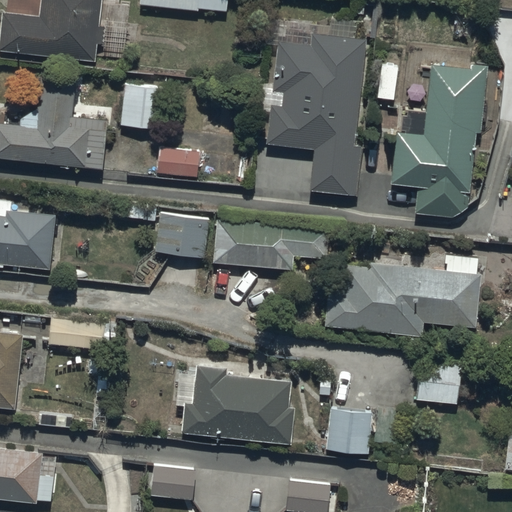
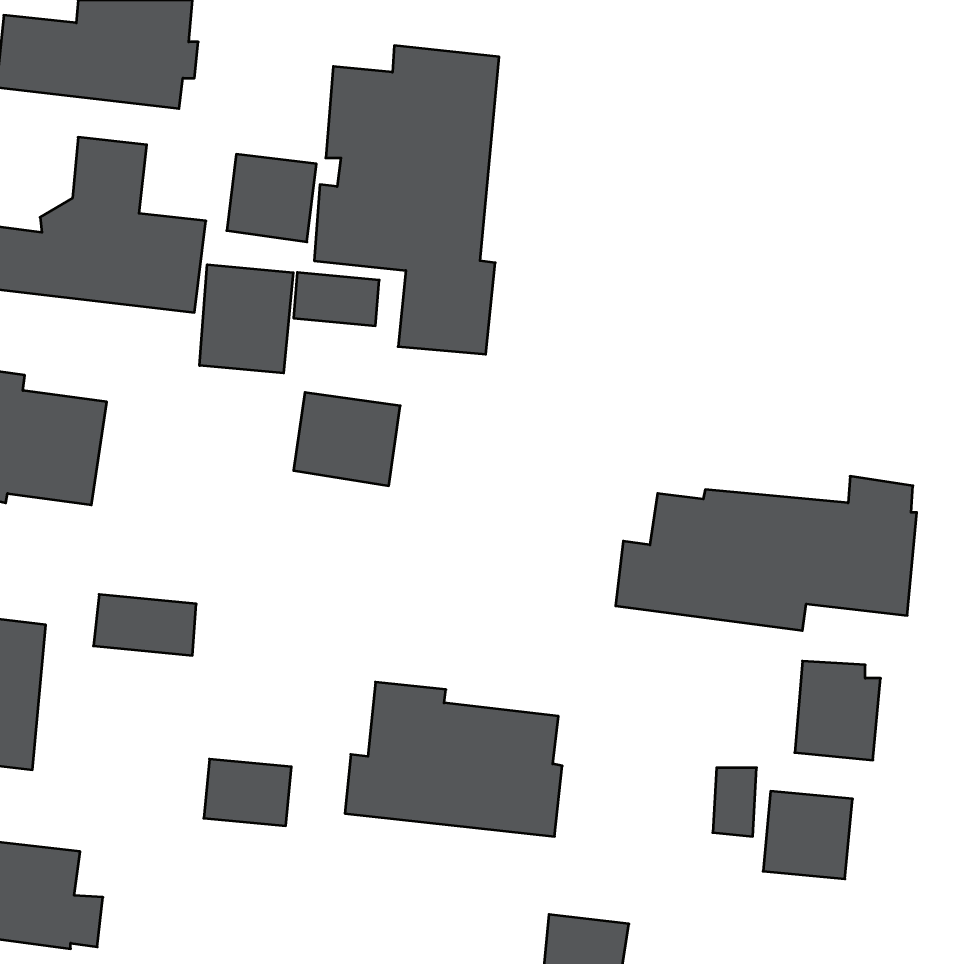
building: [267,34,364,196] -> [314,46,499,354]
building: [391,65,486,217] -> none
building: none -> [200,265,293,373]
building: [212,219,330,268] -> none
building: [325,409,372,455] -> [763,791,853,879]
building: [150,466,196,501] -> [204,759,291,826]

